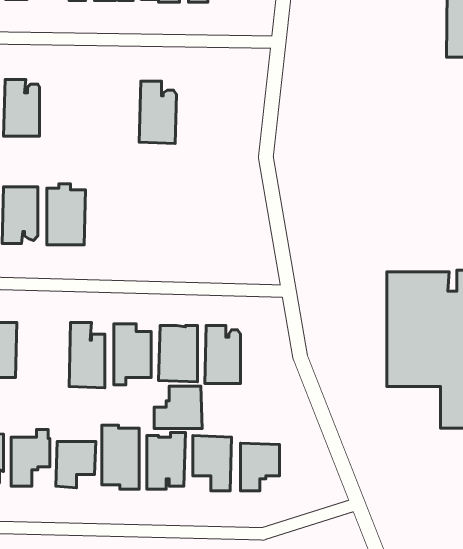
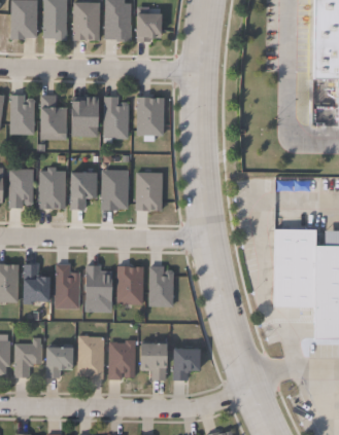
building: none -> [40,96,67,134]
building: none -> [71,97,98,137]
building: none -> [137,98,164,137]
building: none -> [101,171,128,211]
building: none -> [136,173,162,212]
building: none -> [70,174,97,211]
building: none -> [23,263,49,303]
building: [154,386,202,428] -> none

